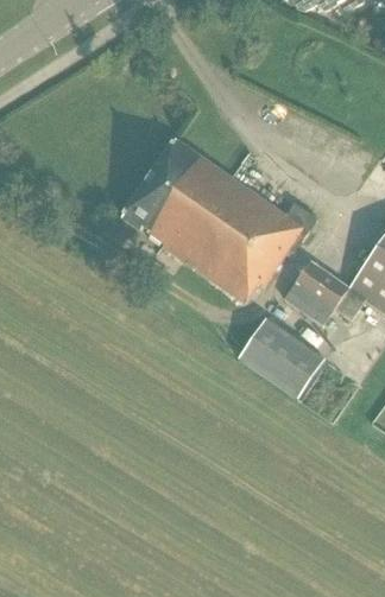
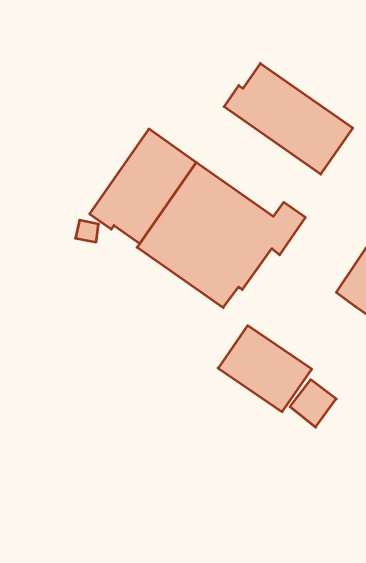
building: none -> [224,63,353,174]
building: [285,261,366,324] -> none

